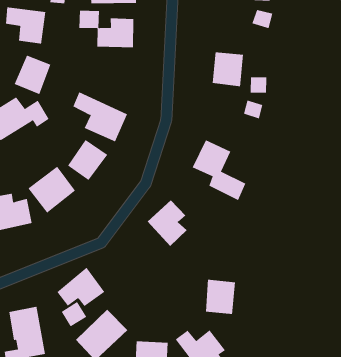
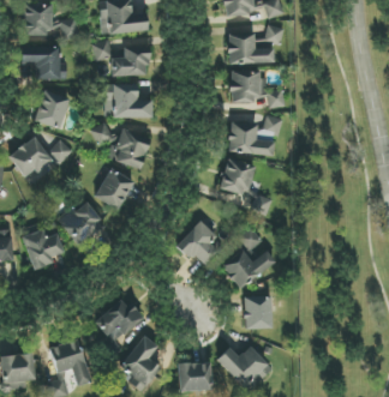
building: none -> [227,34,274,64]
building: none -> [112,84,151,118]
building: none -> [228,124,274,155]
building: none -> [221,228,275,289]

